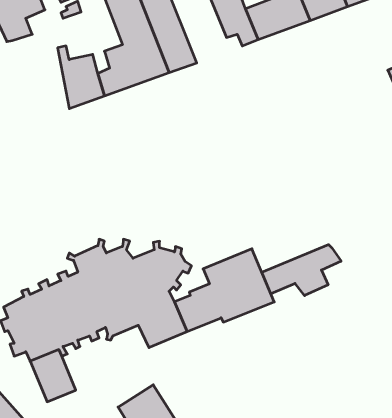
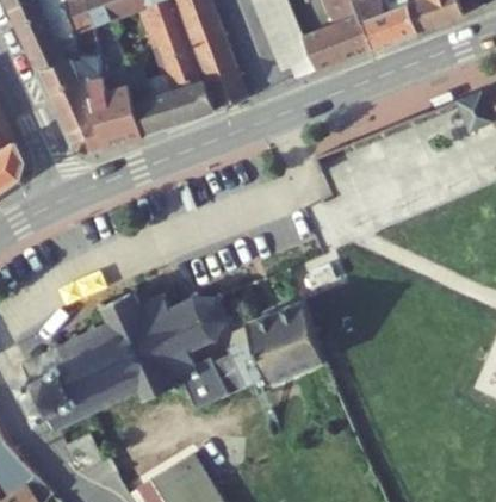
building: none -> [38,33,103,151]
building: [262,245,341,296] -> none

